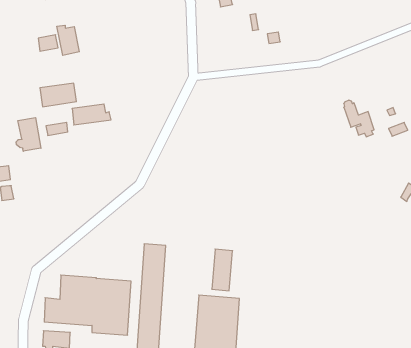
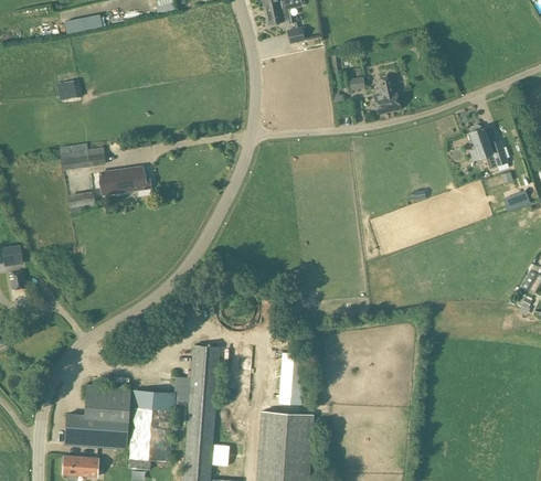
building: [57,25,79,55] -> none
building: none -> [373,76,400,114]
building: [344,100,374,137] -> [470,125,509,171]
building: [16,118,41,151] -> none

